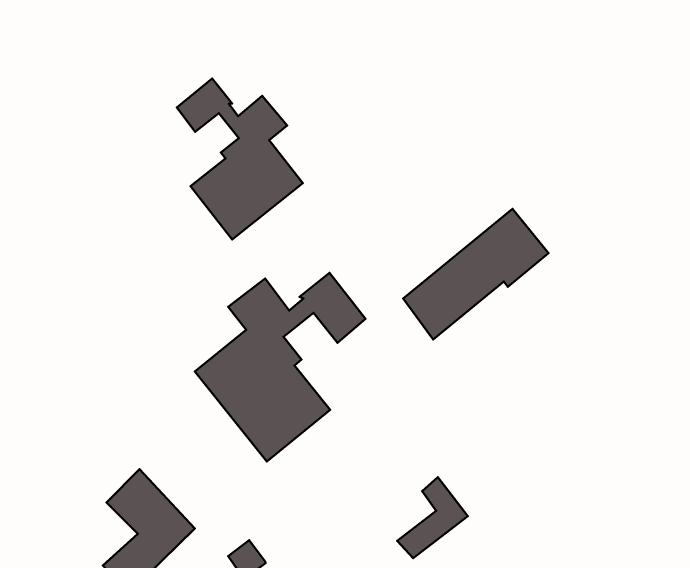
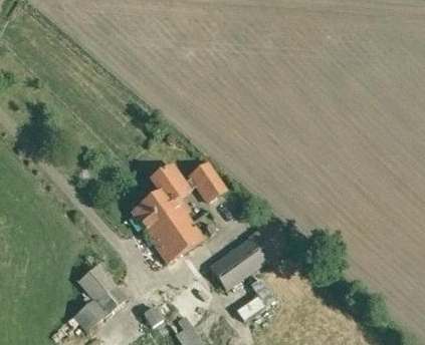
building: [177,79,303,240] -> none
building: [403,209,548,339] -> [210,222,290,290]

